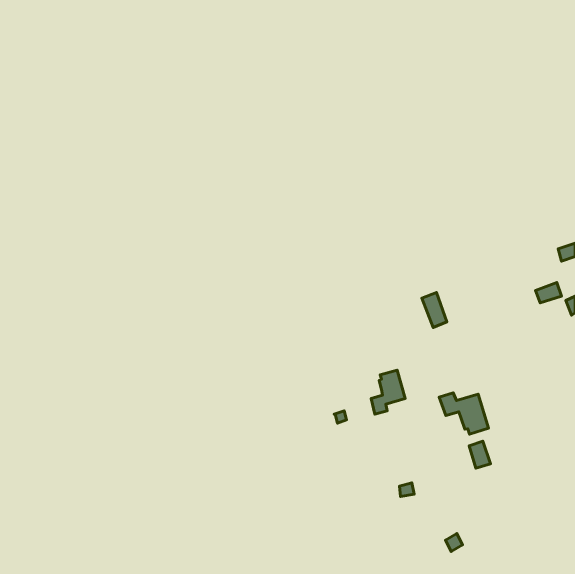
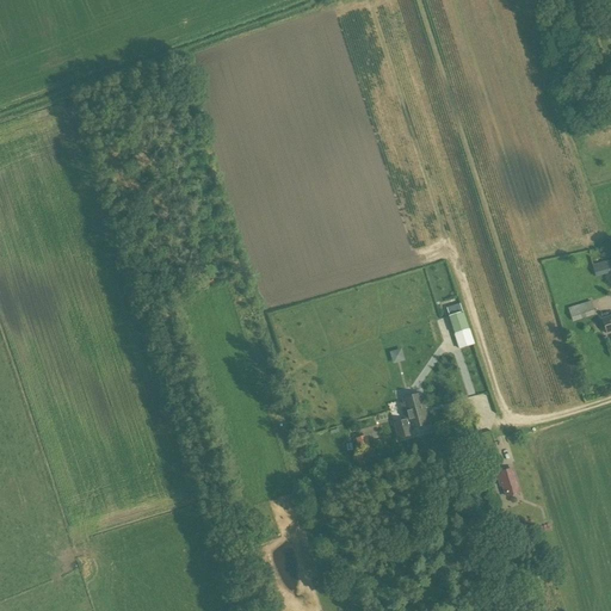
building: [439,393,489,434] -> none

